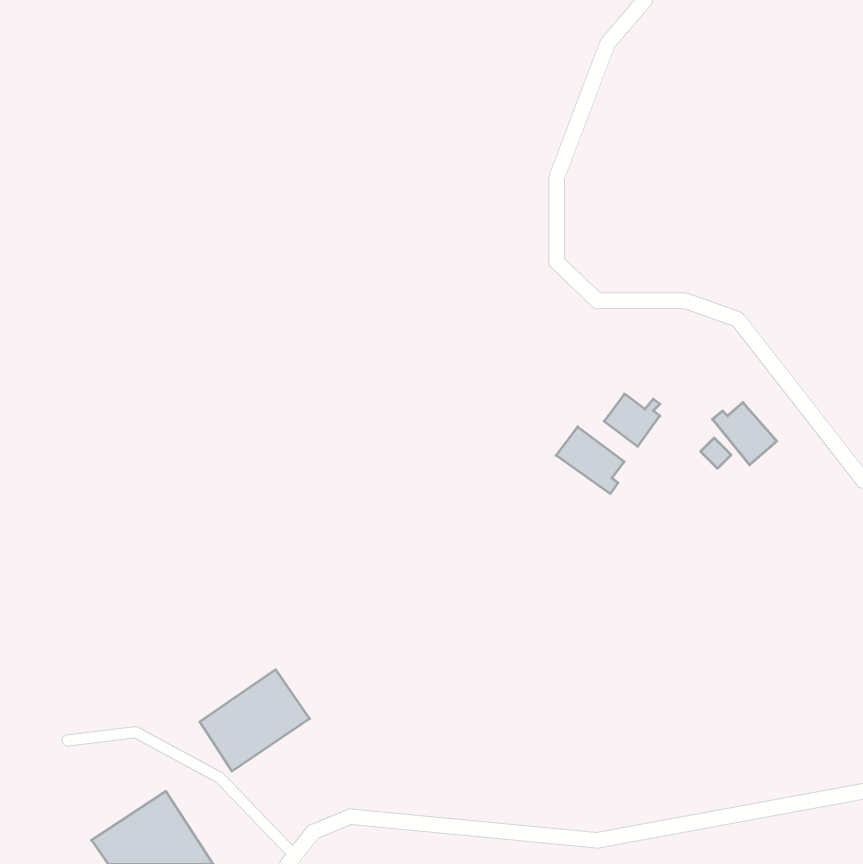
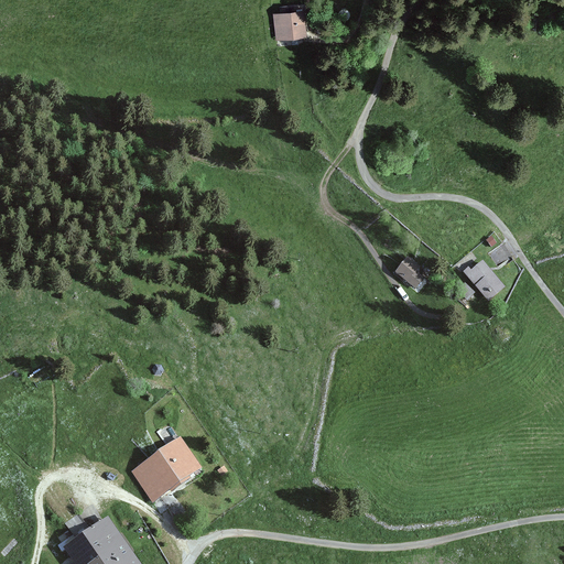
building: none -> [272,11,306,42]
building: [556,427,624,494] -> none

